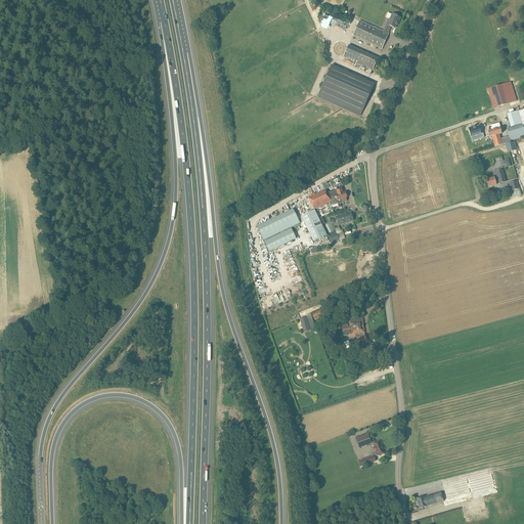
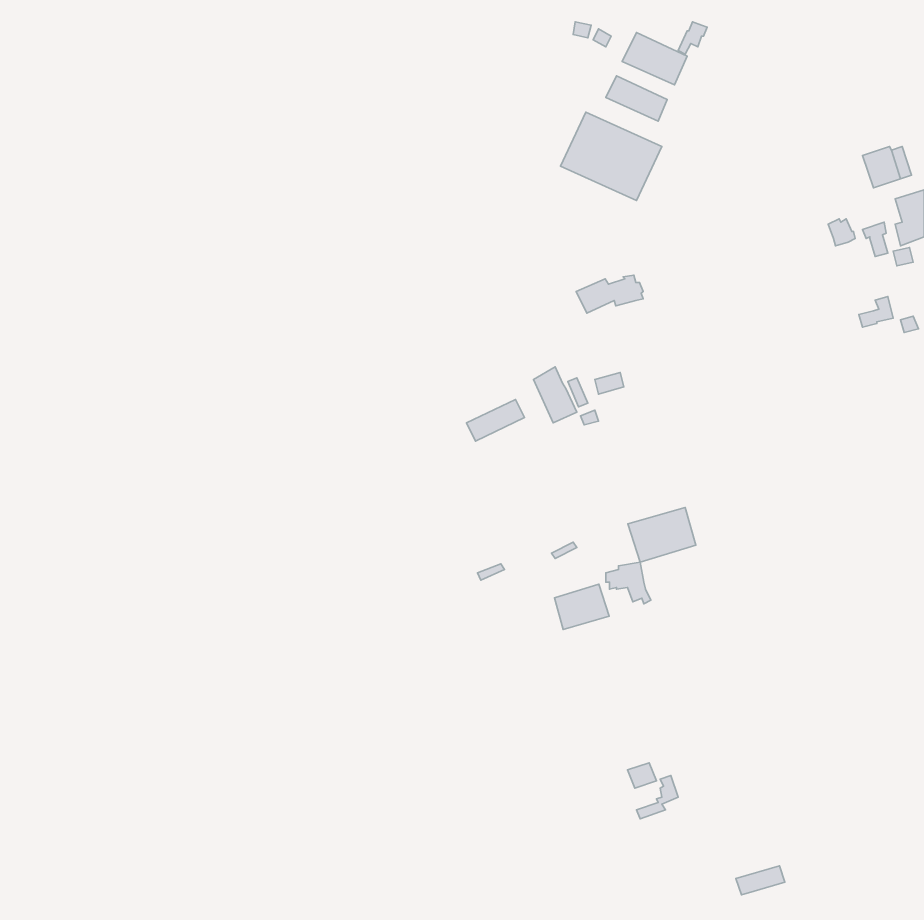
building: [309,186,347,208] -> [576,275,643,313]
building: [257,208,300,238] -> none
building: none -> [628,507,696,562]
building: none -> [554,584,609,629]

